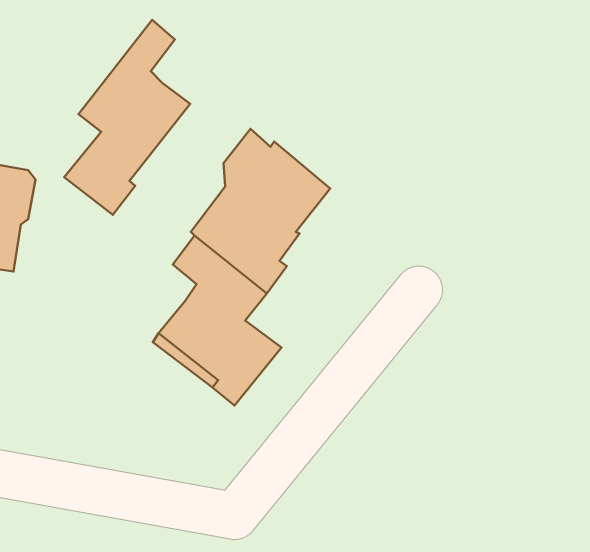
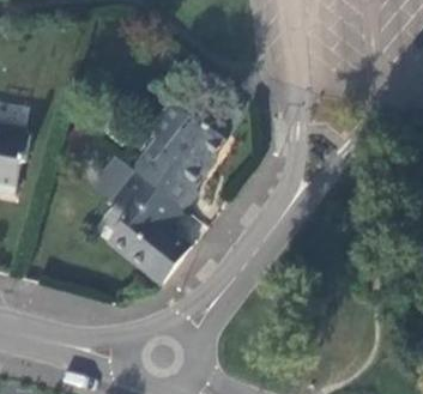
building: [64,20,190,215] -> none
building: none -> [93,157,134,214]

